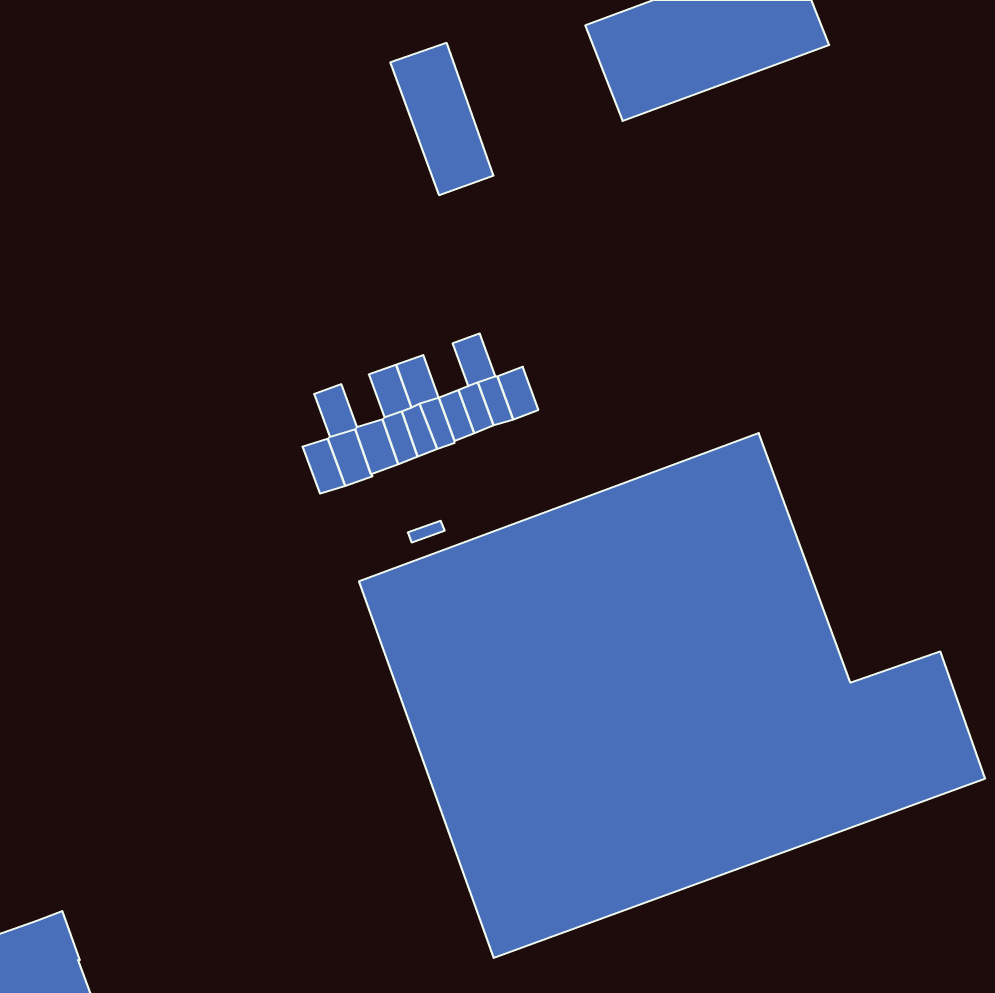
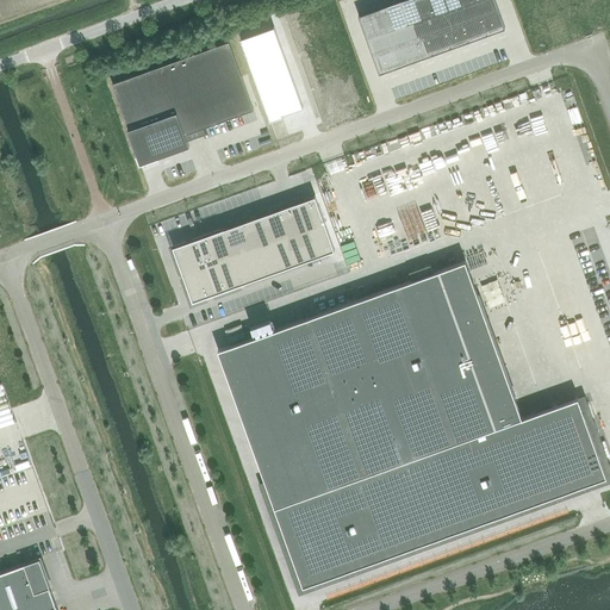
building: none -> [111,44,253,166]
building: none -> [293,200,319,232]
building: none -> [259,212,286,245]
building: none -> [208,231,235,263]
building: none -> [175,243,201,275]

